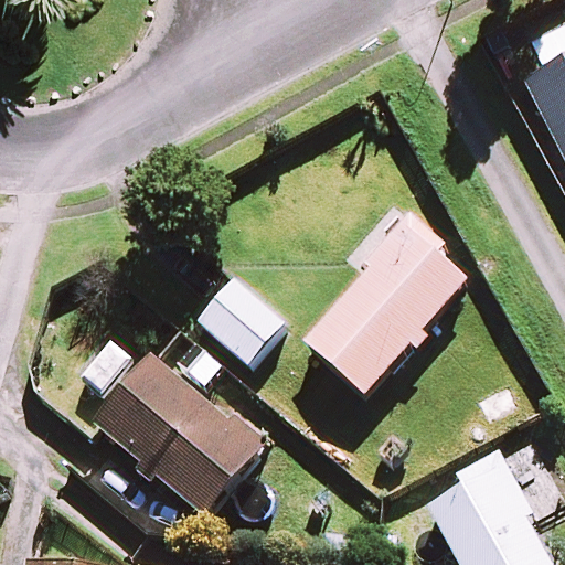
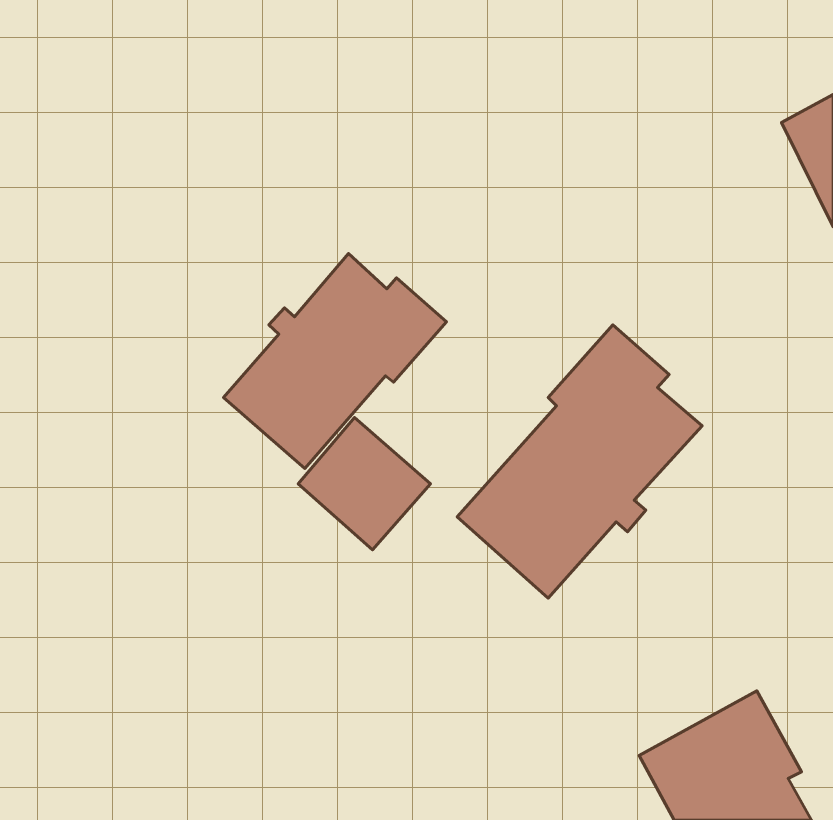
building: none -> [224,254,447,469]
building: [94,359,268,521] -> none

